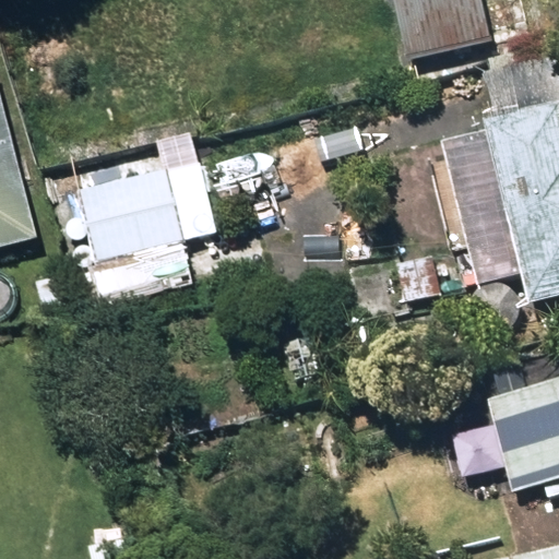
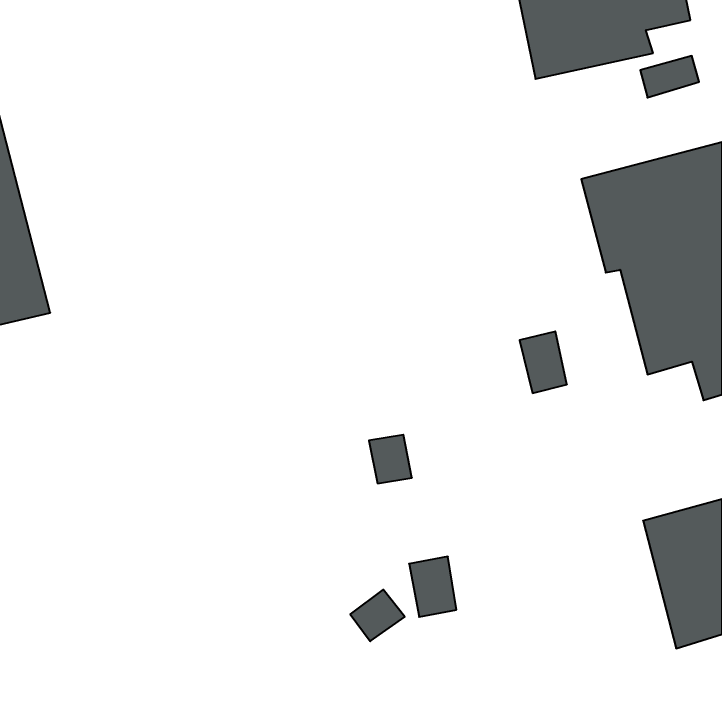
building: [76,142,216,299] -> none

